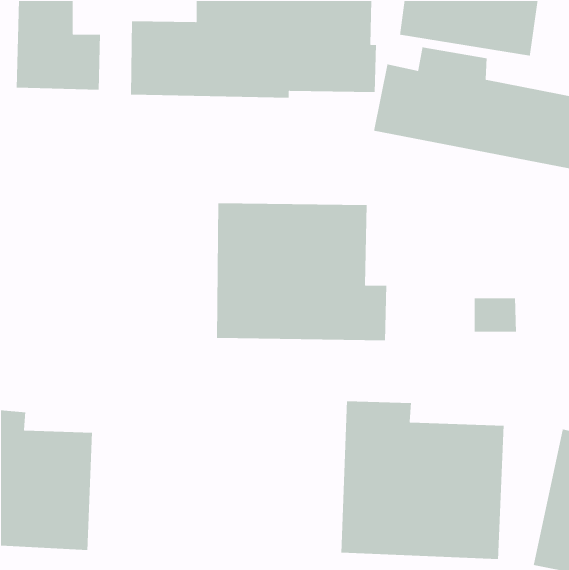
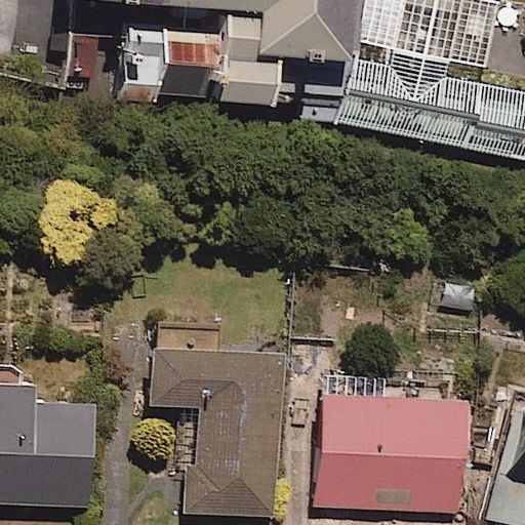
building: [216,203,387,341] -> none
building: none -> [152,347,280,517]

